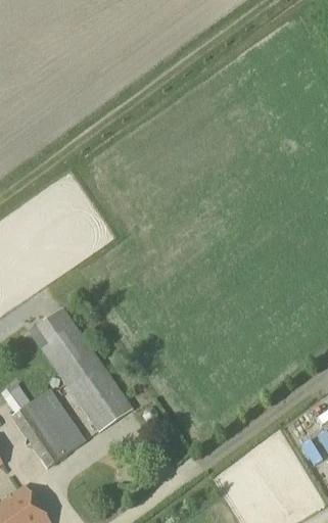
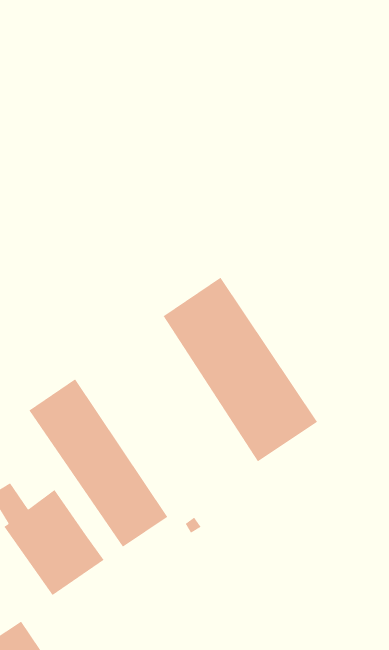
building: none -> [163,277,318,462]

